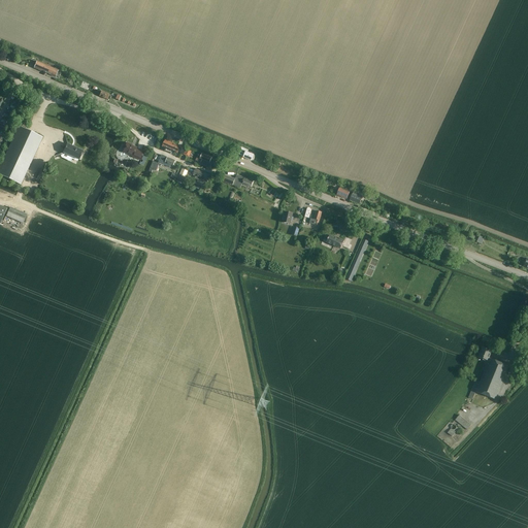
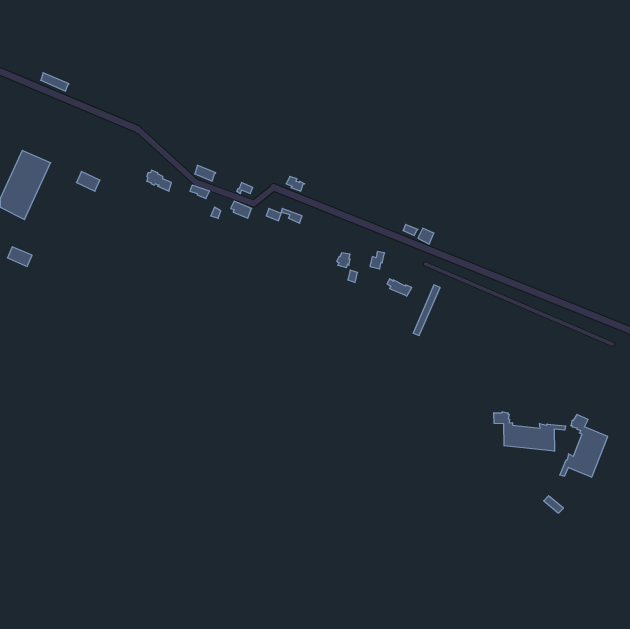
building: none -> [494,412,566,451]

